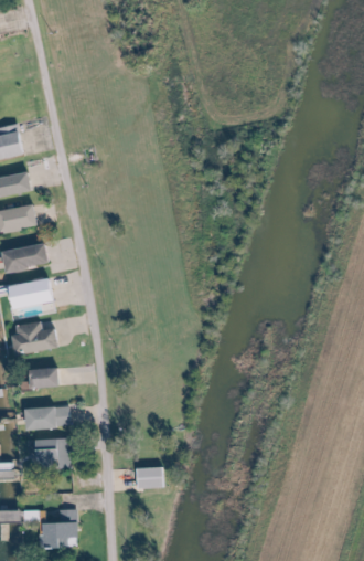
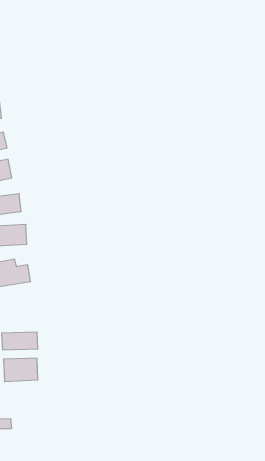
building: [29,368,58,388] -> none
building: [133,467,161,488] -> none
building: [36,510,75,548] -> none

